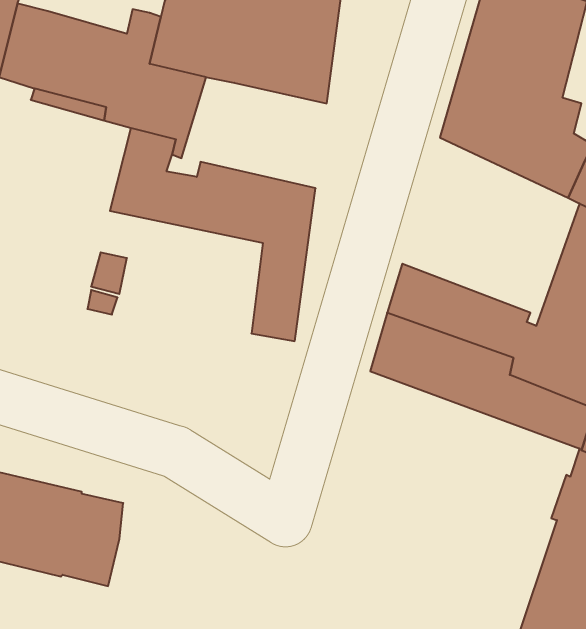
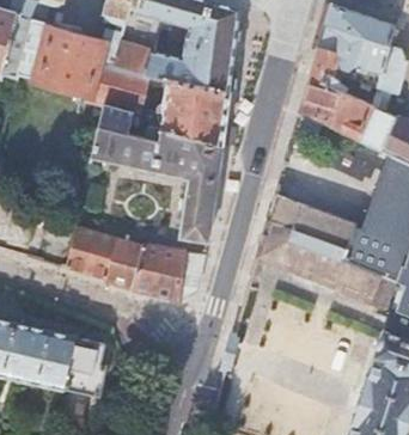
building: none -> [147,78,230,145]
building: none -> [66,228,207,302]

